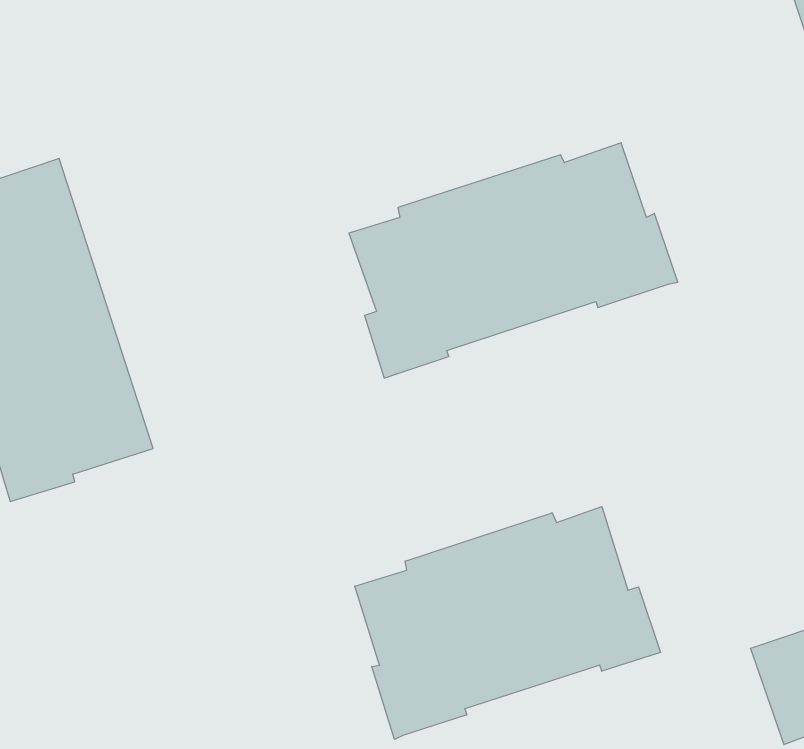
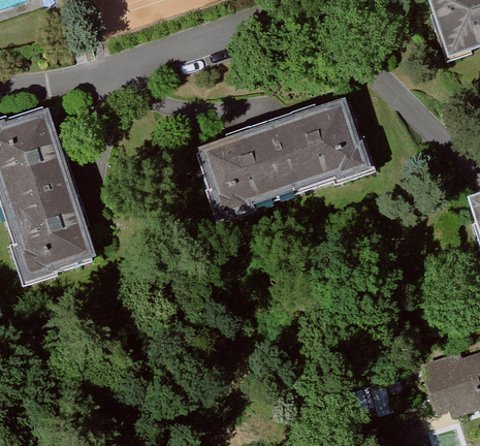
building: [355,507,661,739] -> none

